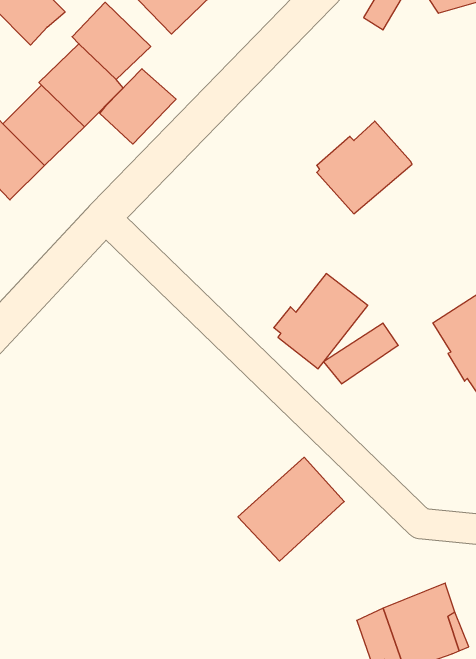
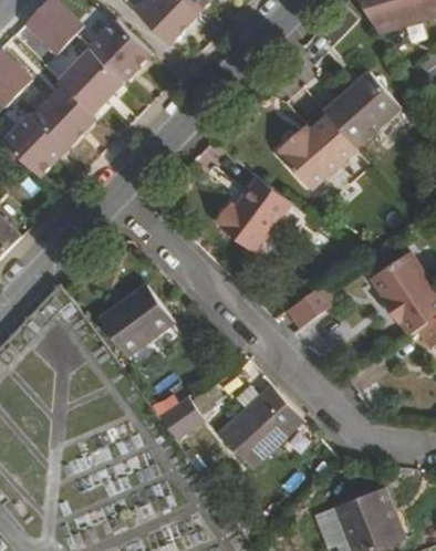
building: none -> [325,72,402,147]
building: [100,69,176,144] -> none
building: [274,274,368,369] -> [219,177,294,253]
building: none -> [97,283,172,354]
building: none -> [157,393,203,435]

